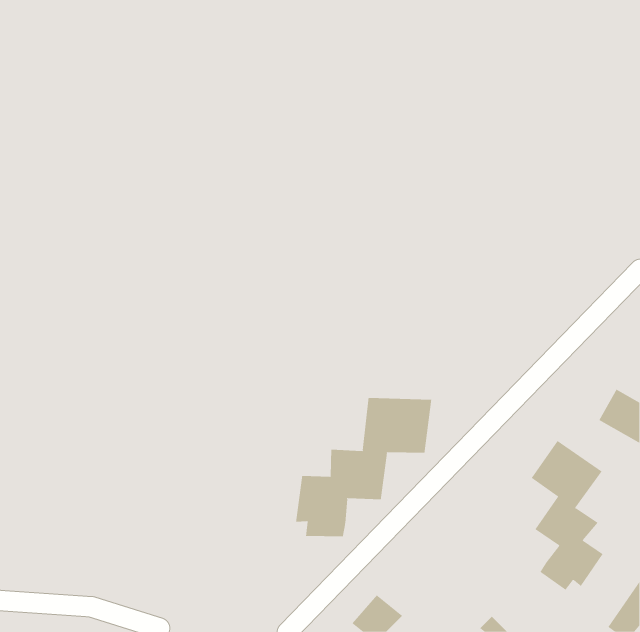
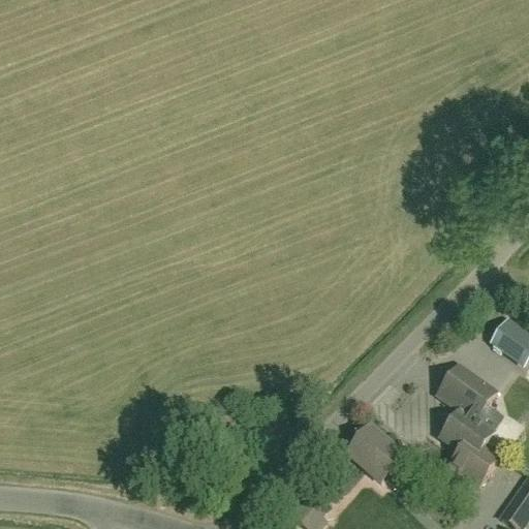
building: [296,397,432,537] -> none
building: none -> [346,424,404,480]

